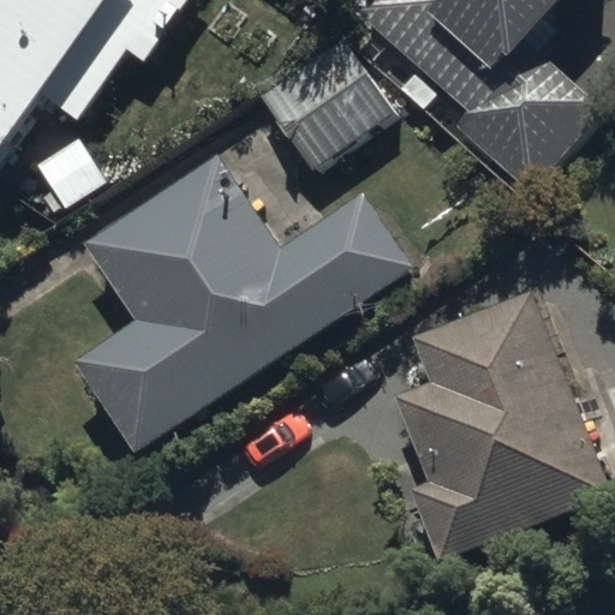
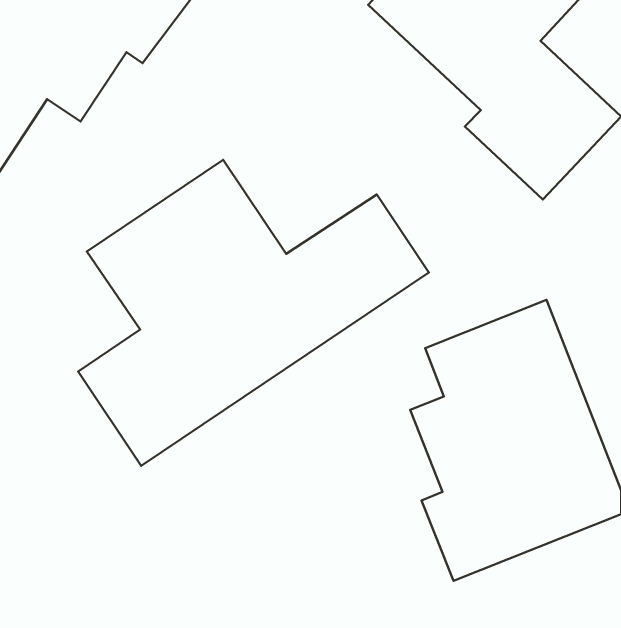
building: [259,37,392,168] -> none

